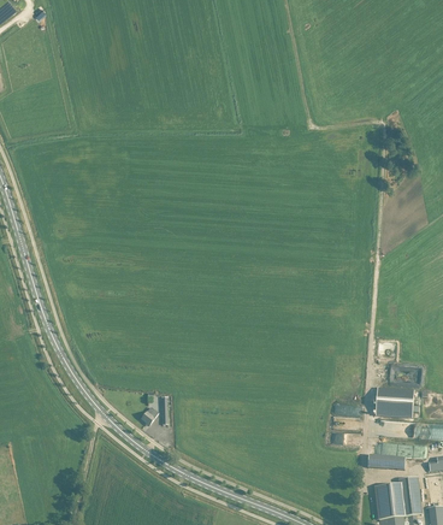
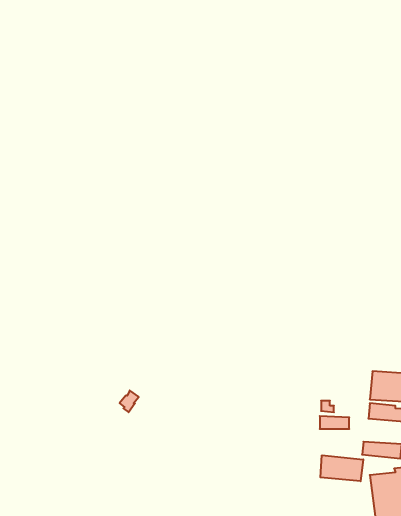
building: none -> [320,455,363,481]

